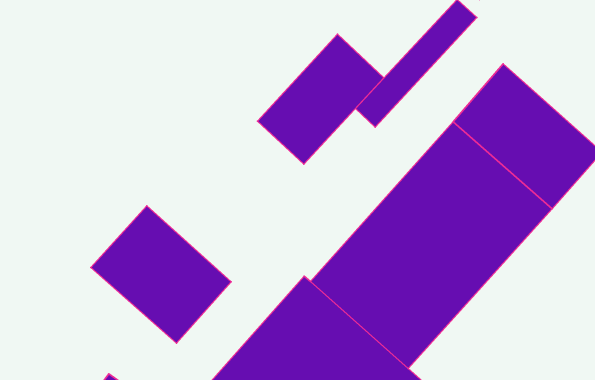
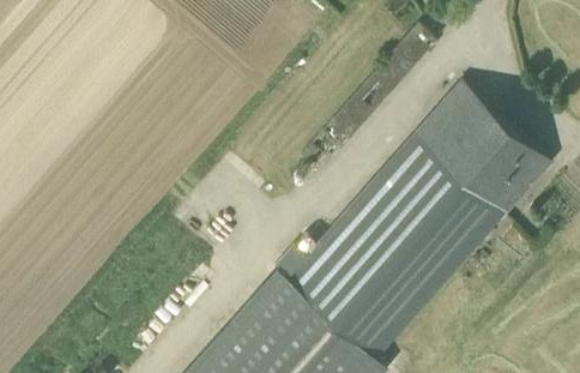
building: [258,34,384,164] -> none
building: [91,206,231,343] -> none

